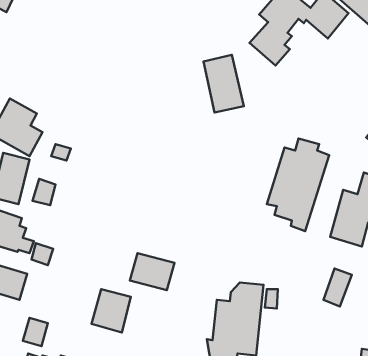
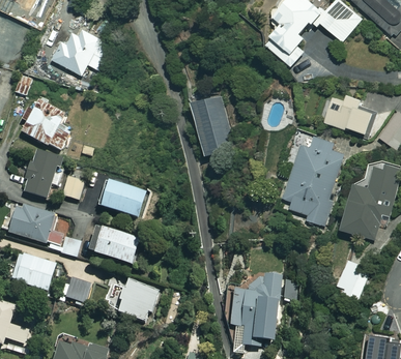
building: none -> [52,28,109,74]
building: [203,55,244,113] -> [195,98,233,153]
building: none -> [325,95,374,133]
building: none -> [101,181,144,217]
building: [130,253,174,290] -> [89,227,132,262]
building: [23,318,48,346] -> [64,277,88,304]

